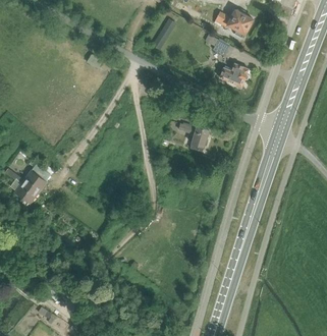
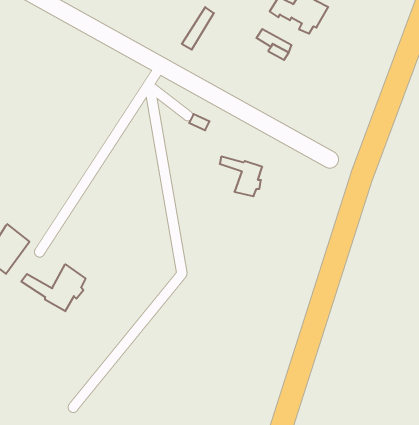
building: [218,62,248,86] -> none
building: none -> [21,264,85,311]

